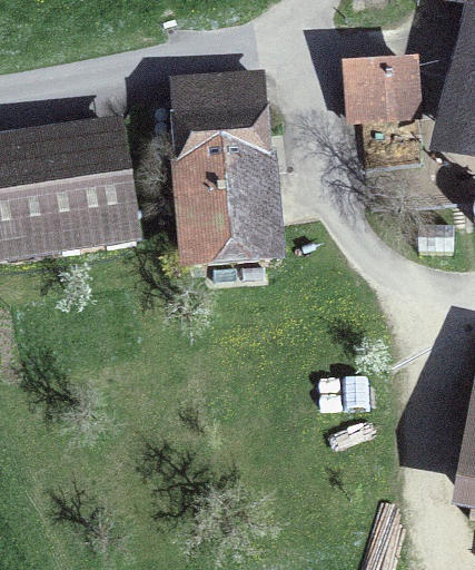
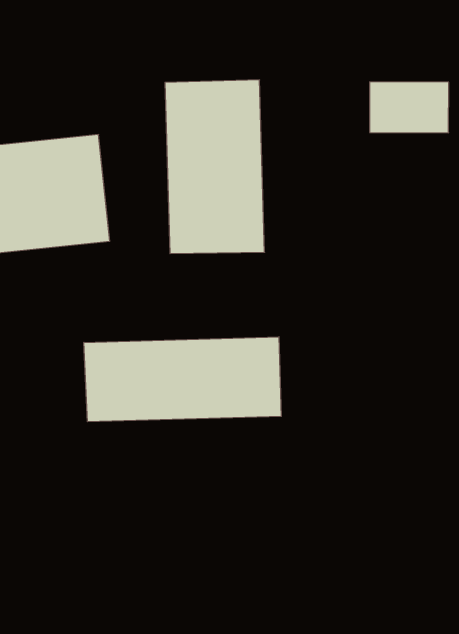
building: none -> [84,337,281,422]

